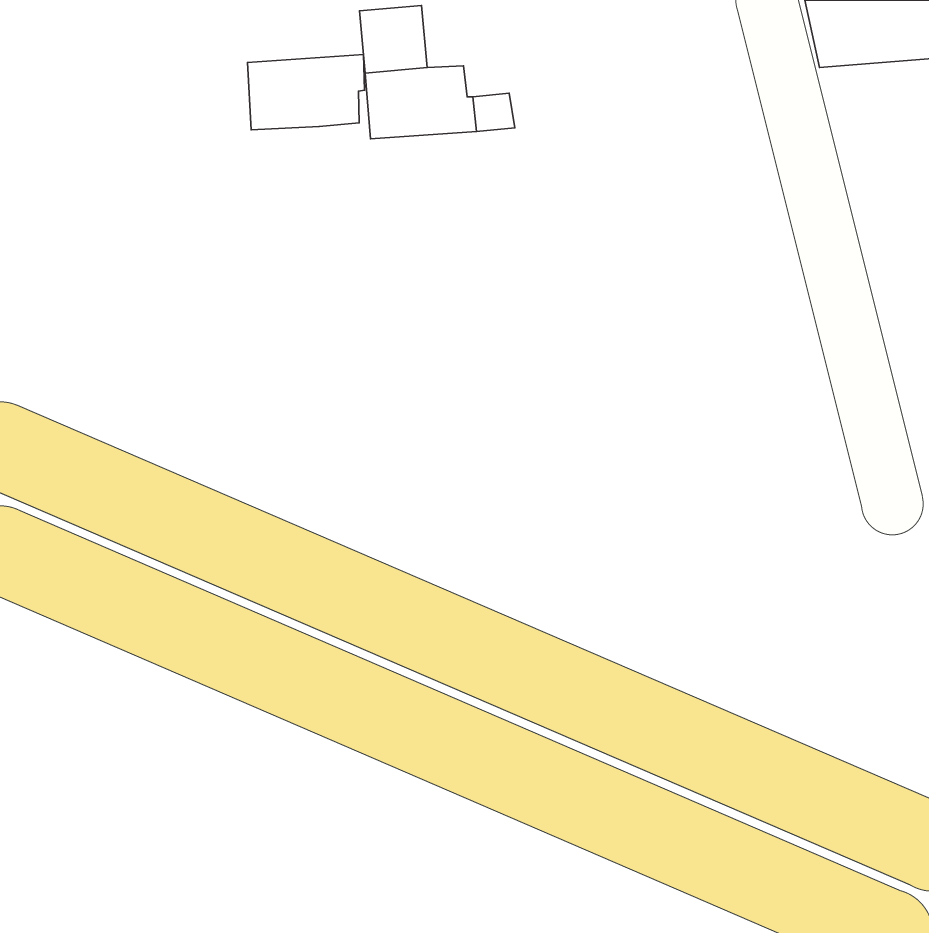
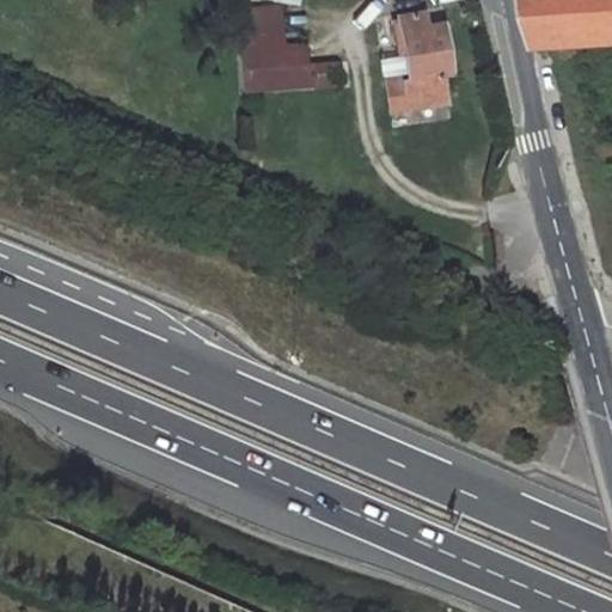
building: none -> [400,13,452,109]
building: [248,55,364,130] -> none

